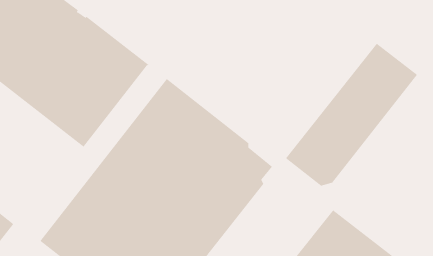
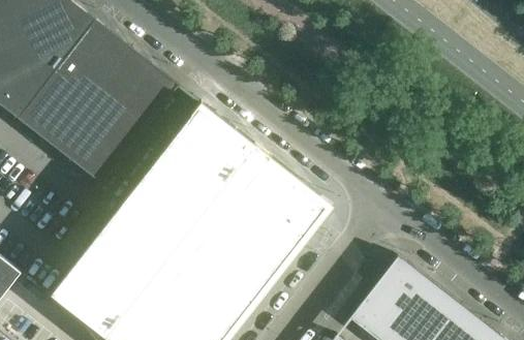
building: [285,43,418,186] -> none

